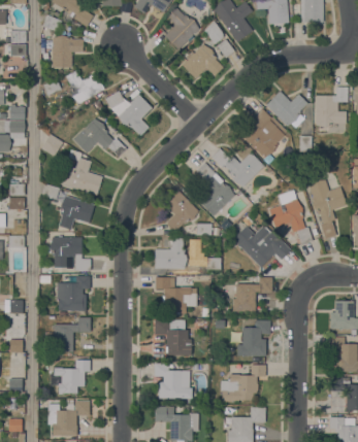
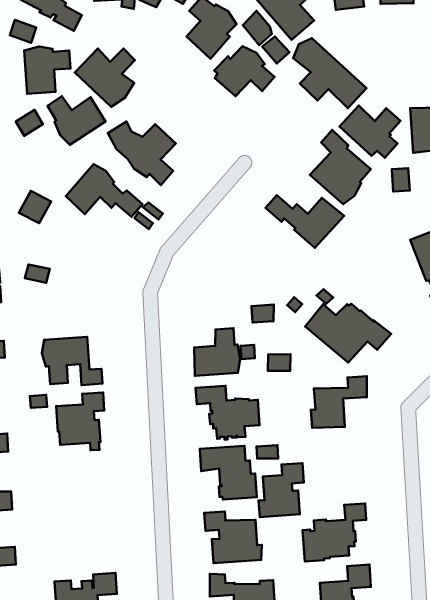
building: none -> [75,48,135,107]
building: none -> [293,38,367,108]
building: [59,150,102,195] -> none
building: [196,162,234,215] -> none
building: [164,190,198,231] -> none
building: [268,193,313,245] -> none
building: [59,196,94,230] -> none
building: [51,317,90,352] -> none
building: [237,320,269,355] -> [259,463,304,517]
building: [54,360,90,394] -> none

